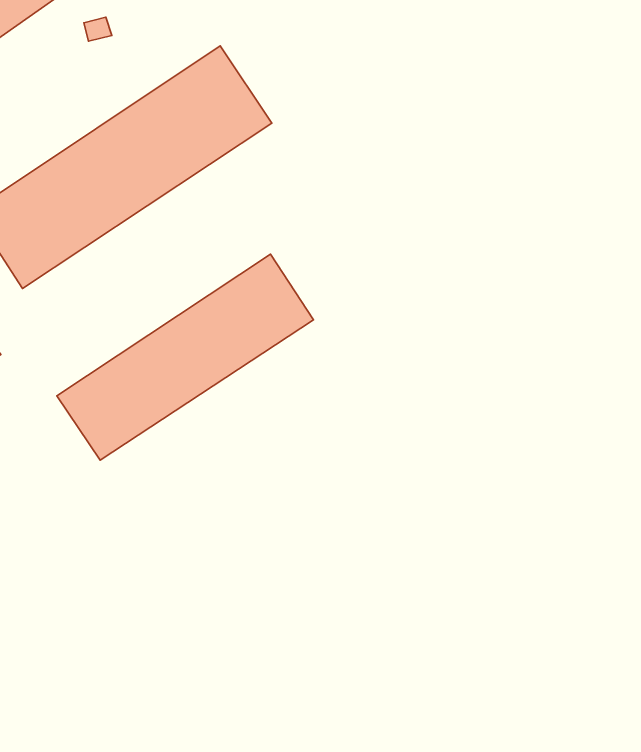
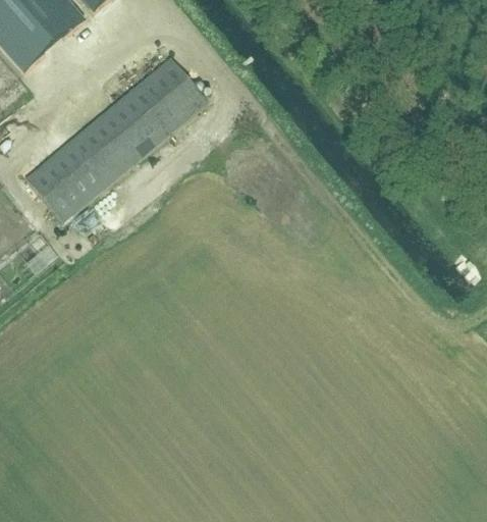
building: [57,254,313,460] -> none

